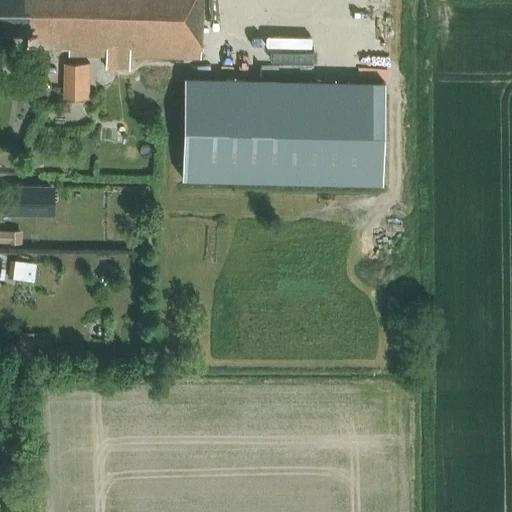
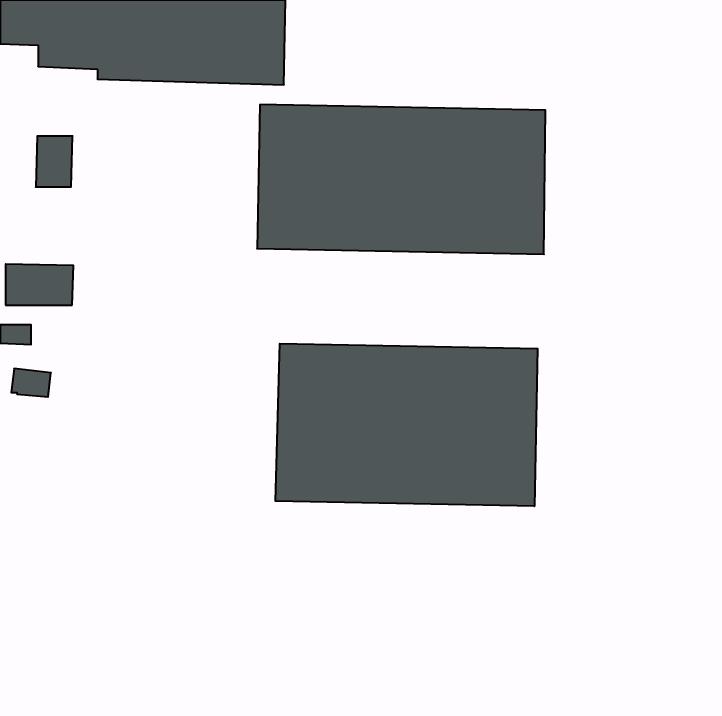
building: [64,66,90,102] -> [36,136,73,187]
building: none -> [275,344,538,506]

